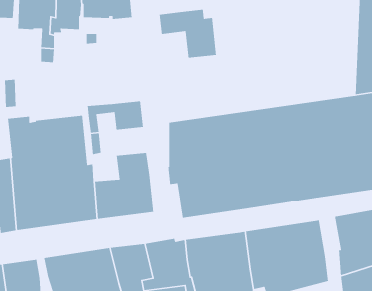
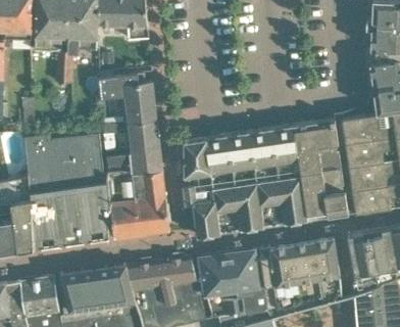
building: [159,9,217,59] -> [99,75,156,124]
building: none -> [130,147,162,175]

